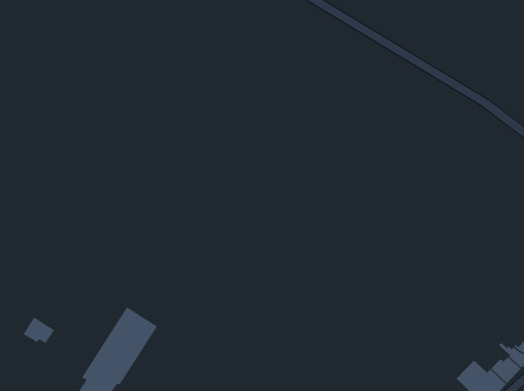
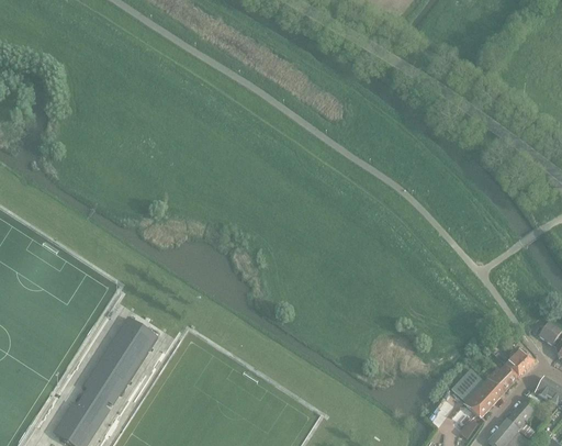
building: [23,317,55,344] -> none

